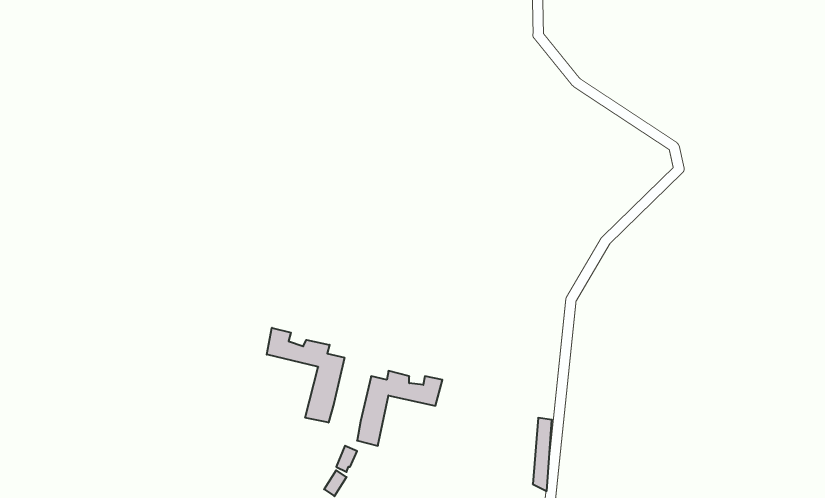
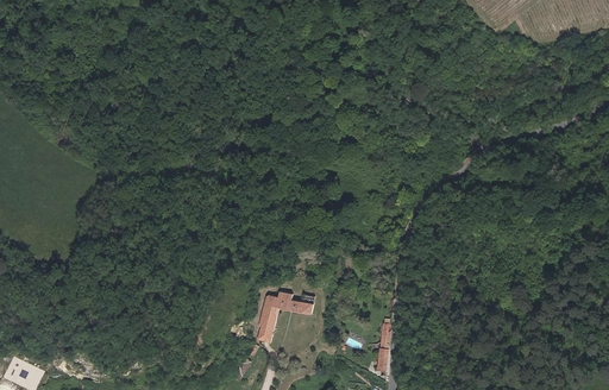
building: [267,328,344,423] -> none

